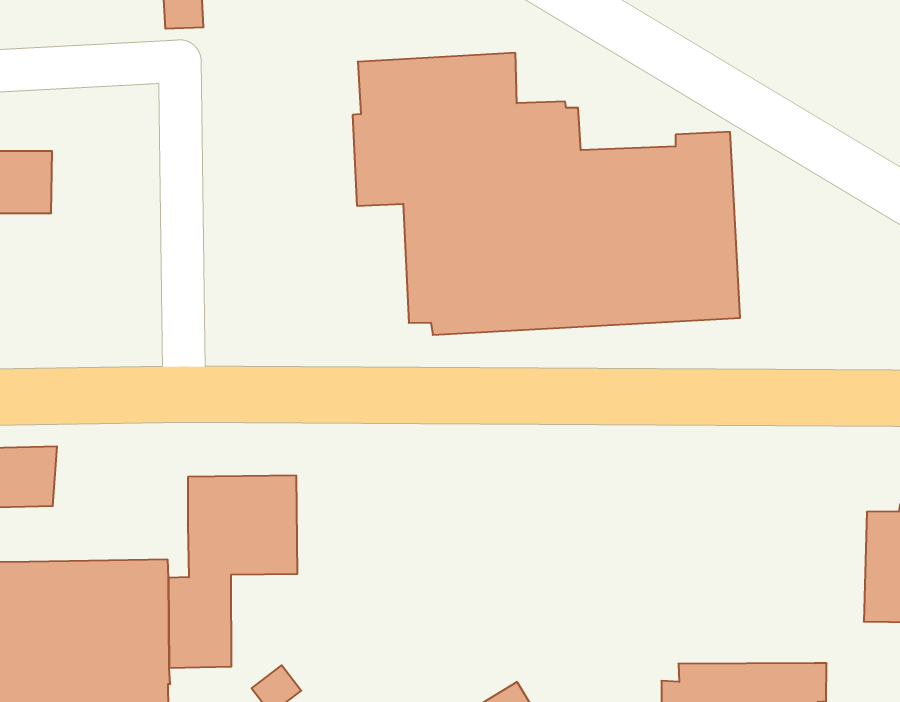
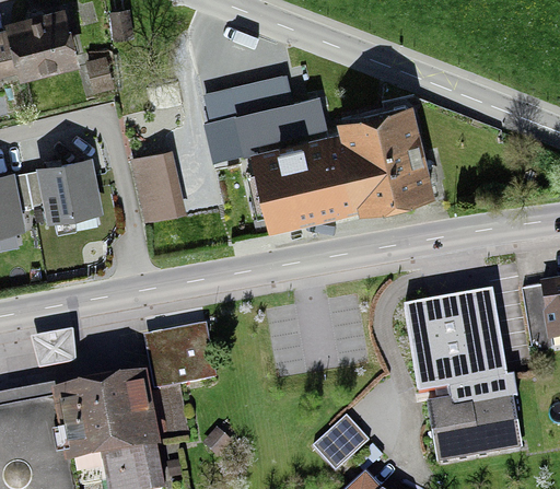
building: none -> [42,158,96,216]
building: none -> [130,147,186,221]
building: none -> [404,291,508,392]

